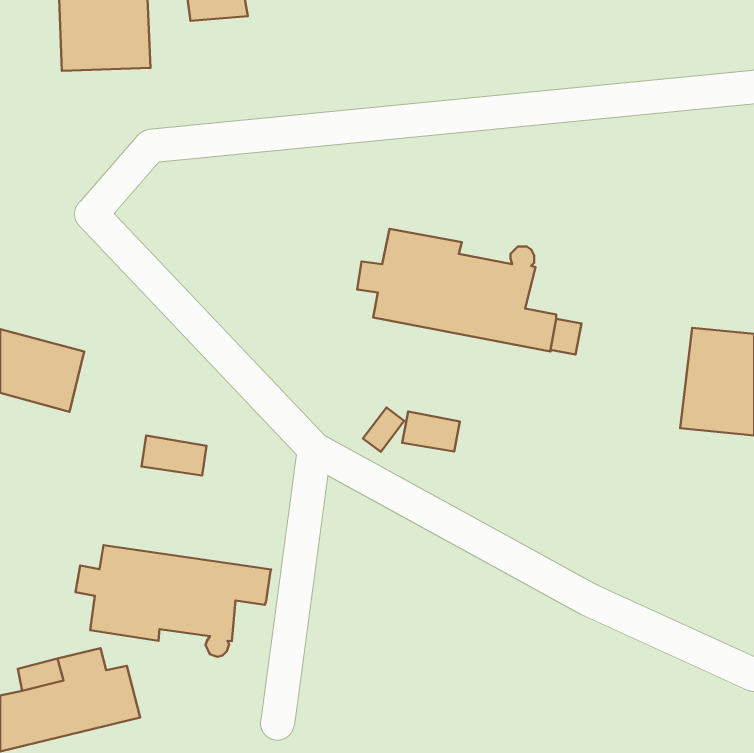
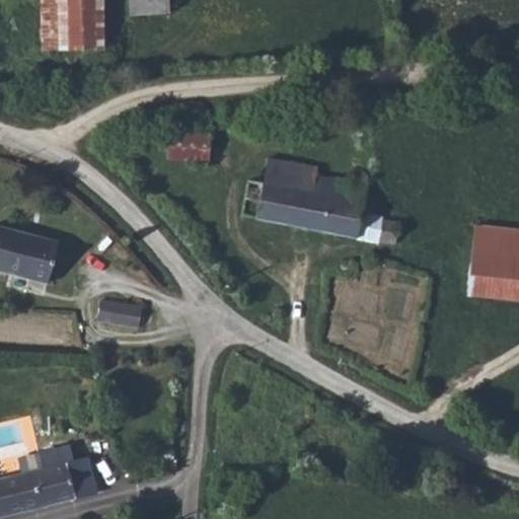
building: none -> [167,133,209,159]
building: [402,412,460,451] -> none
building: [76,545,271,657] -> none

